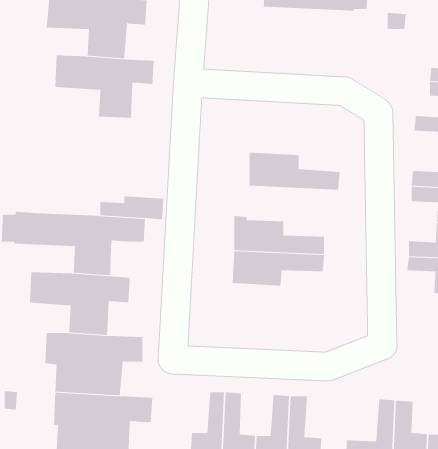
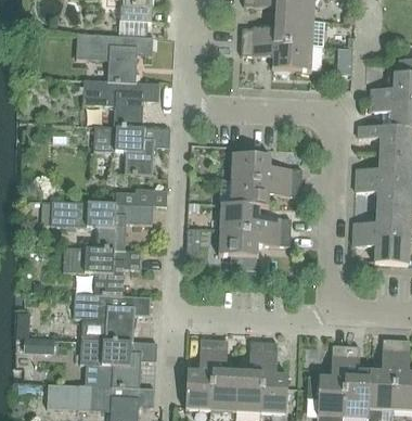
building: none -> [241,42,312,72]
building: none -> [92,126,170,176]
building: none -> [230,180,300,207]

